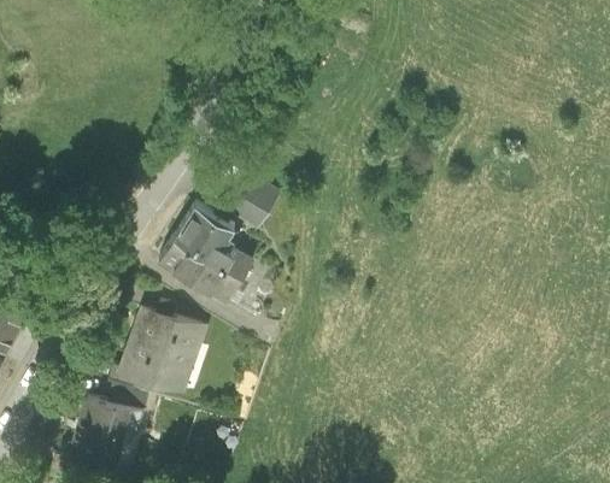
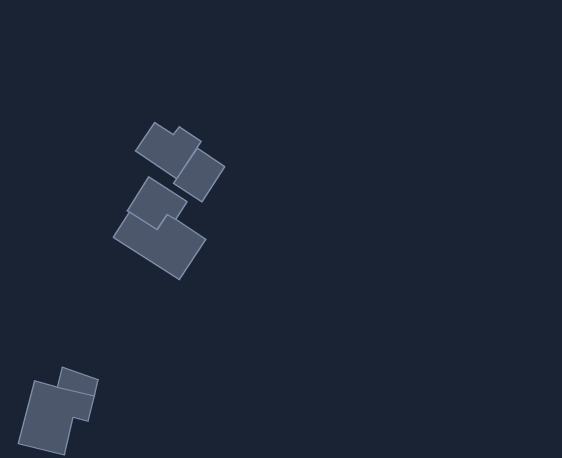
building: none -> [135,122,201,179]
building: [118,308,207,395] -> none

